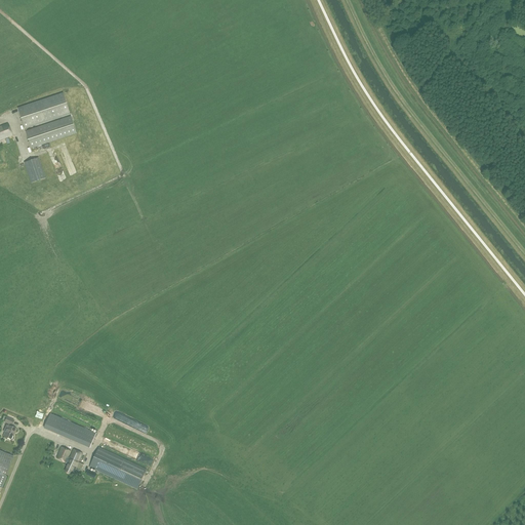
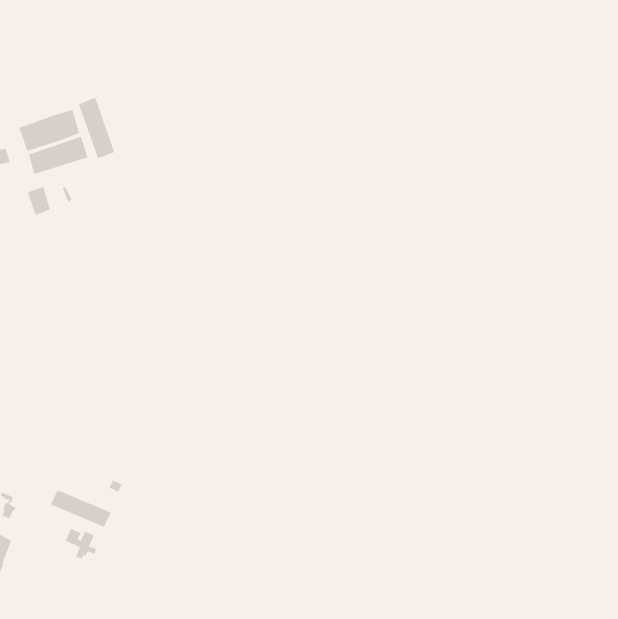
building: none -> [78,97,115,159]
building: [87,446,145,488] -> none

